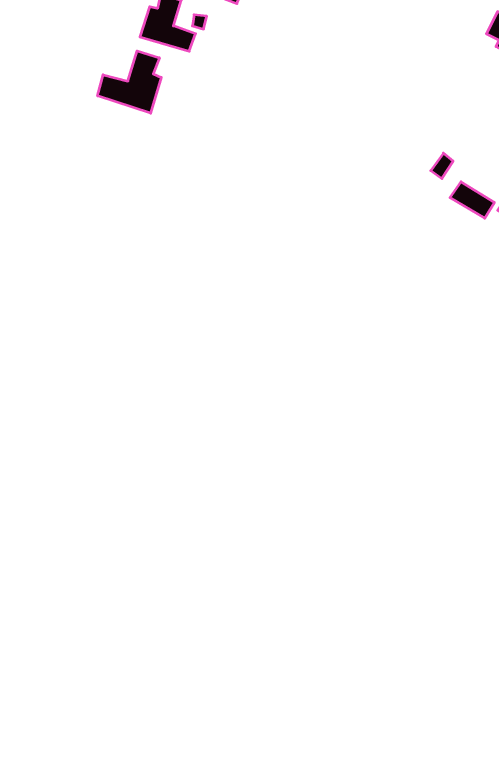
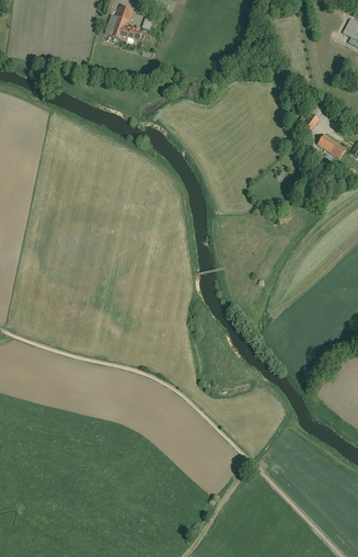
building: [98,51,161,113] -> none

